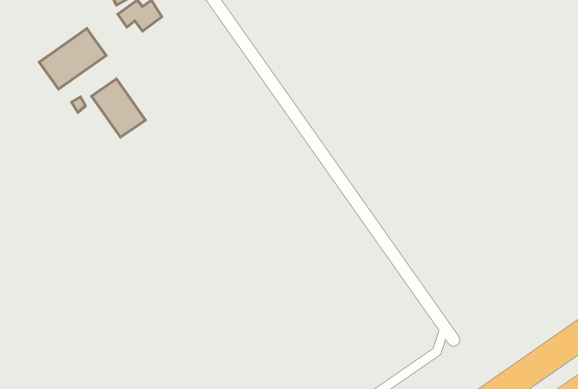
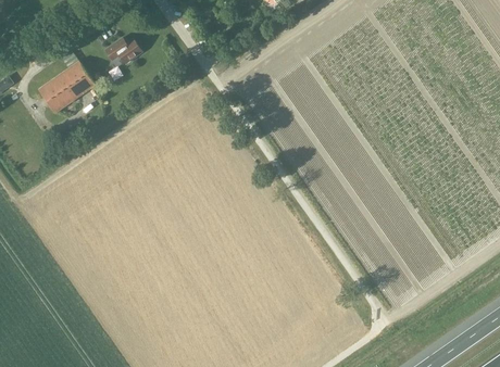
building: [91,79,145,137] -> none

